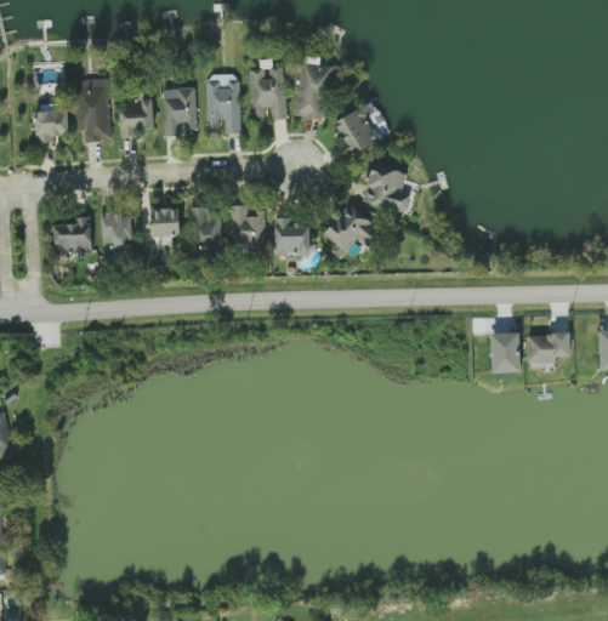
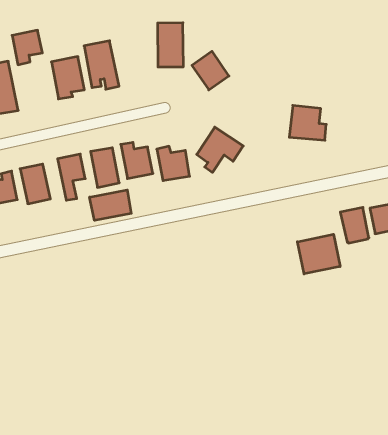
building: [249,63,286,119] -> none
building: [119,97,153,136] -> [12,30,42,65]
building: [362,163,410,212] -> [289,105,326,140]
building: none -> [90,190,131,220]
building: none -> [297,234,340,274]

